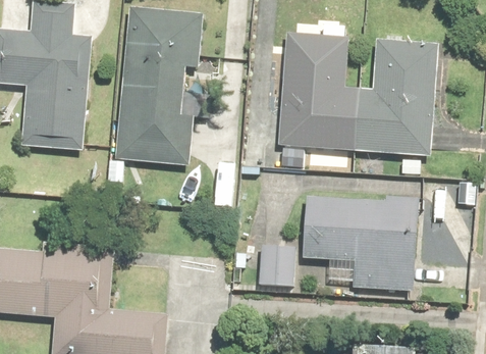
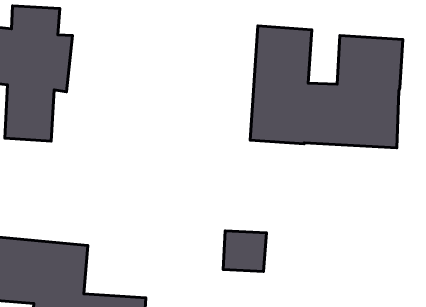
building: [100,16,182,169] -> none
building: [288,205,410,297] -> none

